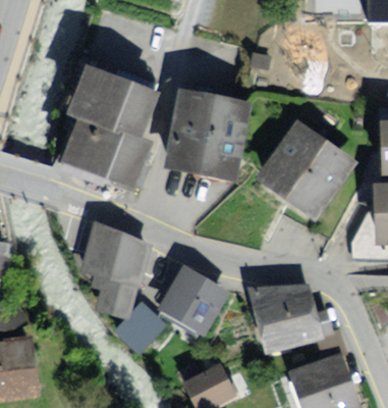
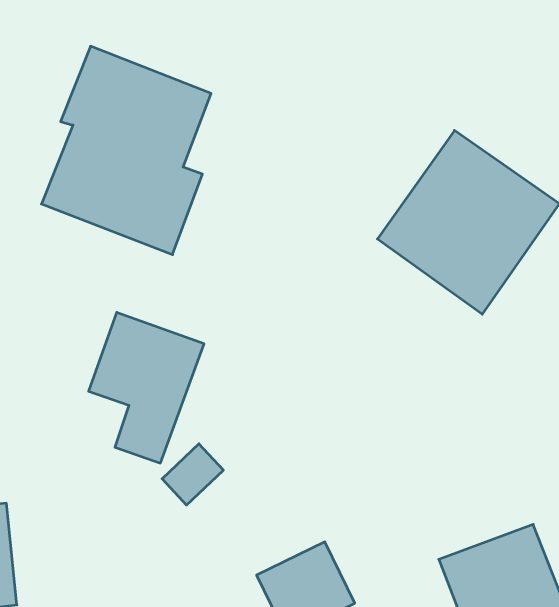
building: [161,89,248,184] -> none
building: [158,262,229,332] -> none
building: [247,288,323,355] -> none

